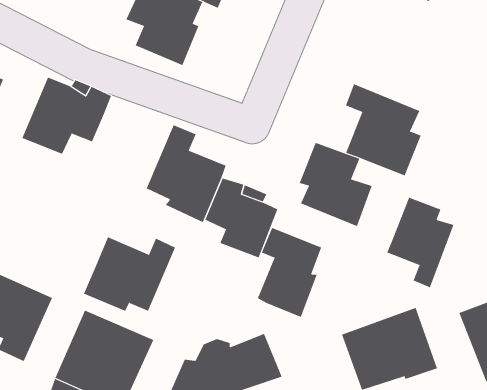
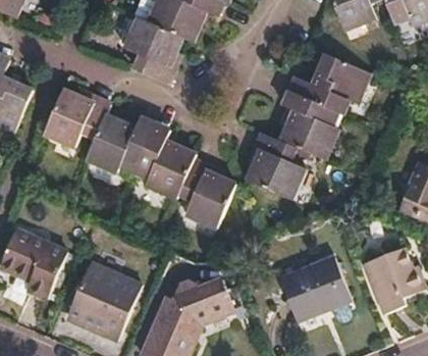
building: none -> [291,55,367,114]
building: [386,197,454,288] -> none
building: [257,227,322,317] -> none
building: [83,237,176,312] -> [88,115,157,171]

